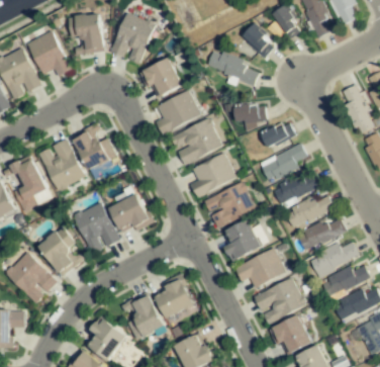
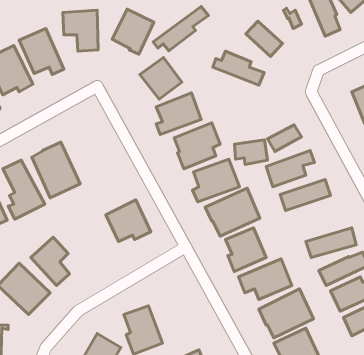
building: none -> [153,6,208,51]
building: [234,103,266,126] -> [234,140,268,164]
building: [71,122,117,172] -> none
building: [288,192,334,226] -> none
building: [73,202,119,254] -> none
building: [154,274,194,318] -> none

